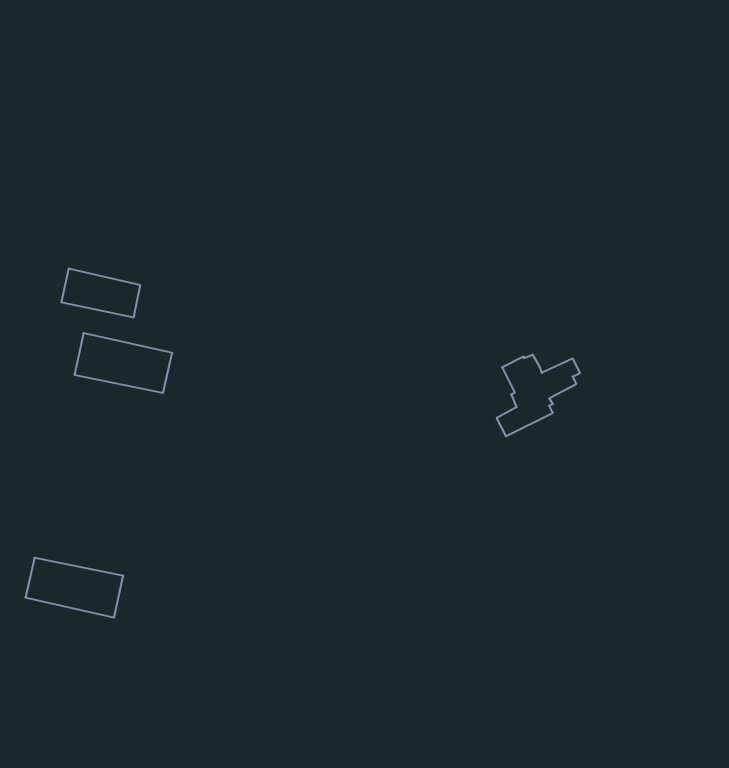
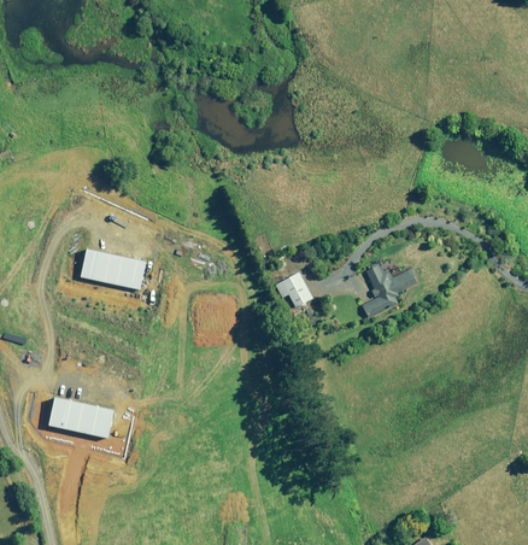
building: [62,268,140,318] -> none
building: none -> [275,271,312,306]

